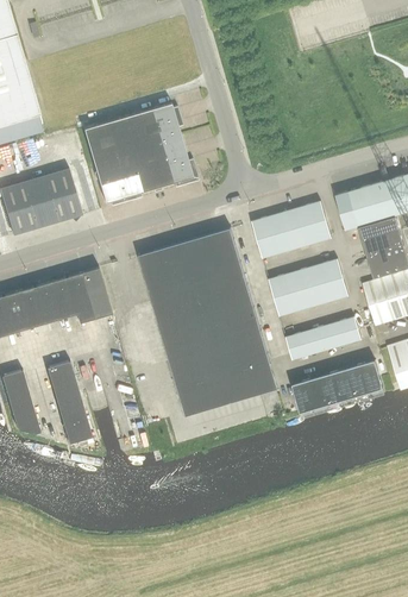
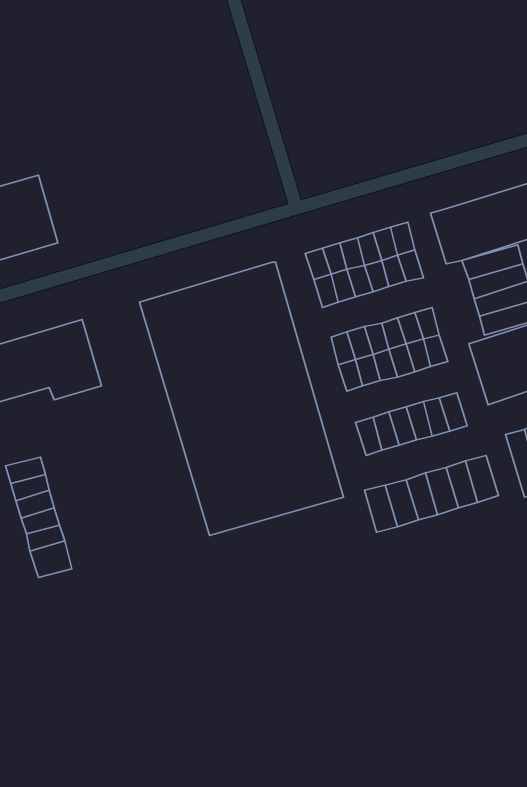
building: [83,103,199,206] -> none

